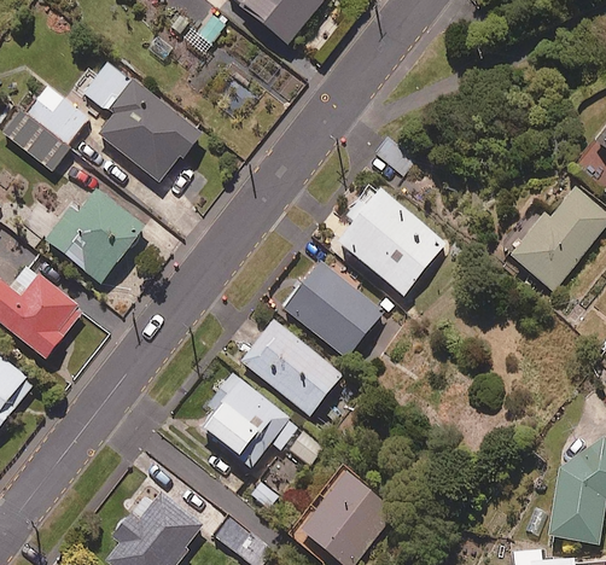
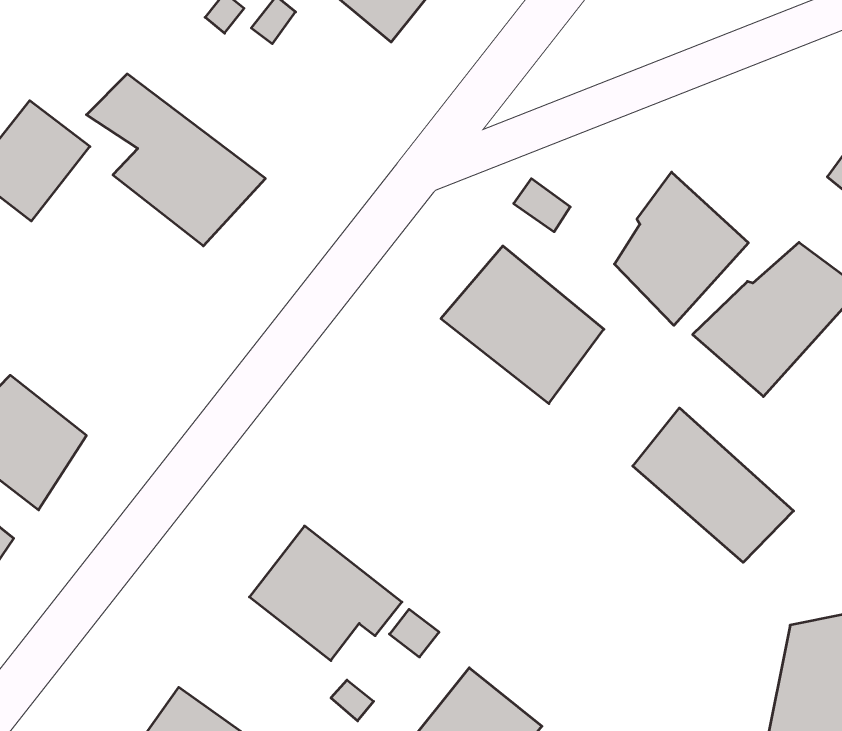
building: none -> [614,172,748,325]
building: [51,192,152,286] -> none
building: [280,257,381,354] -> none
building: none -> [633,408,794,562]
building: [238,318,344,418] -> none

